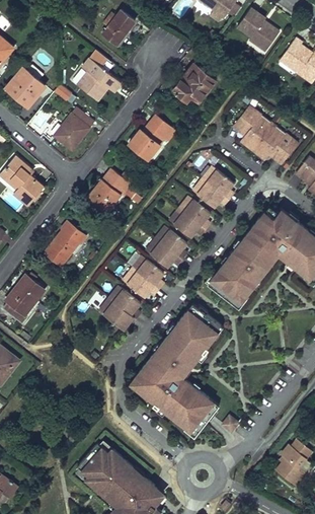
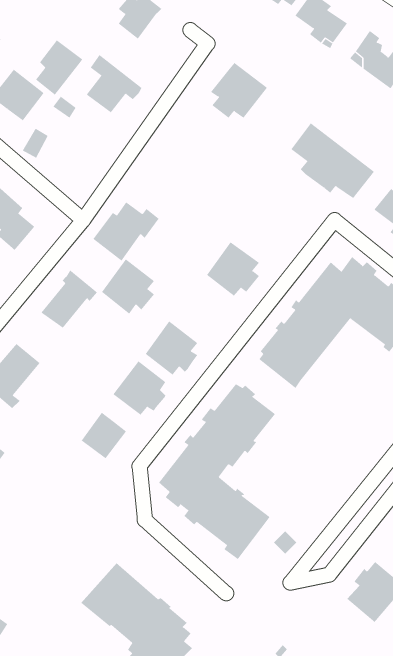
building: [59,105,95,148] -> [35,39,83,96]
building: [127,116,174,157] -> none
building: [193,167,234,210] -> none
building: [147,227,187,270] -> [101,258,155,315]
building: none -> [81,412,127,459]

